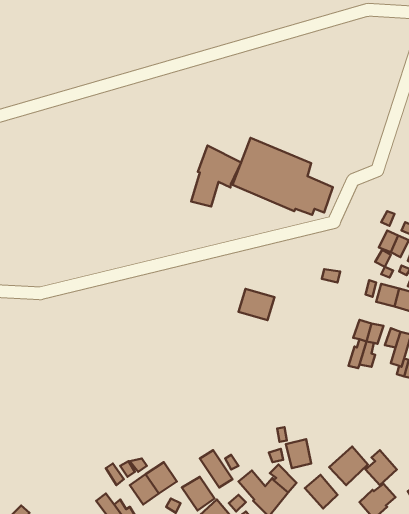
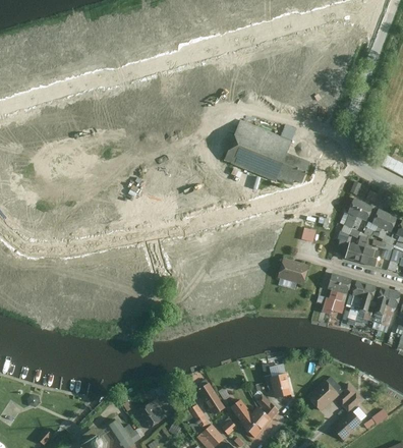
building: [191,146,241,207] -> none
building: [238,289,275,320] -> [278,258,308,284]
building: [305,475,338,508] -> none

